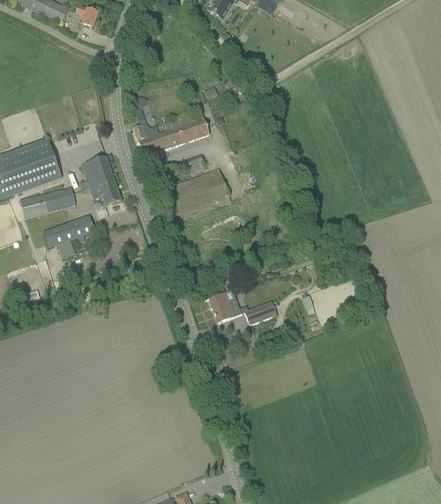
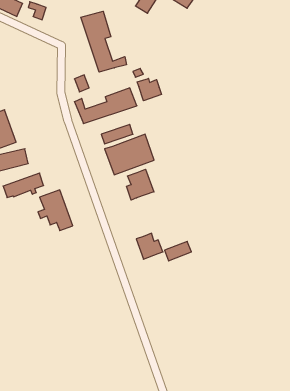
building: none -> [81,11,126,72]
building: none -> [137,78,162,101]
building: [78,155,121,205] -> [38,190,73,231]
building: none -> [126,169,154,200]

